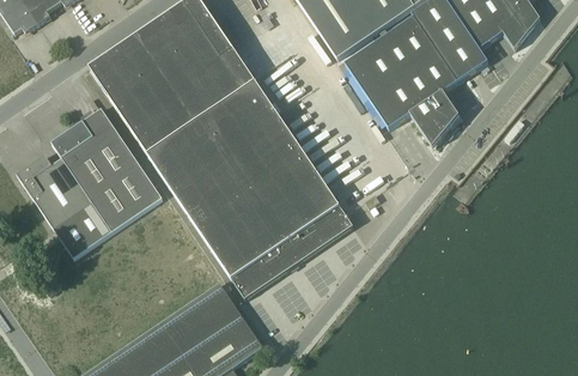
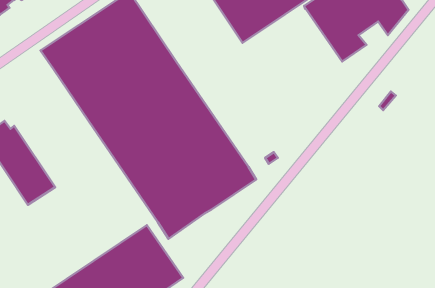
building: [345,16,460,146] -> none
building: [50,107,163,235] -> none

